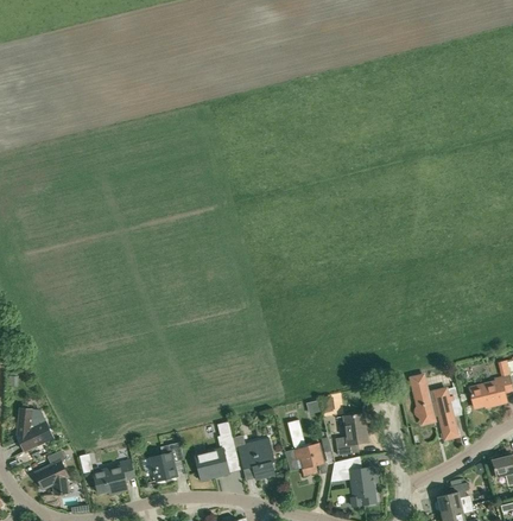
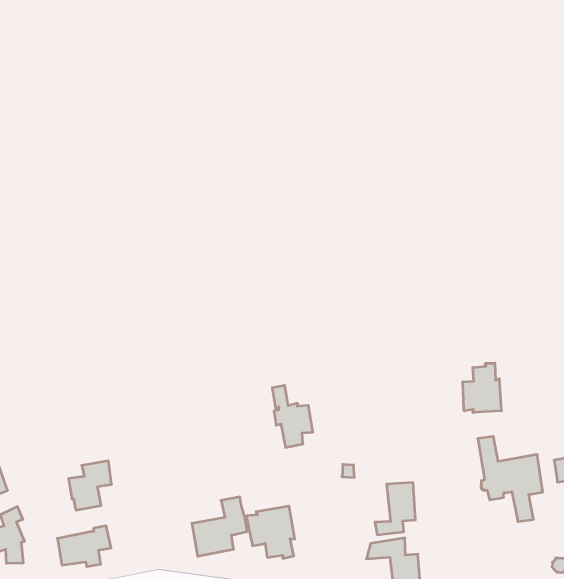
building: none -> [463,363,501,413]
building: [290,428,323,476] -> [272,385,313,447]
building: [150,441,183,481] -> [69,461,112,510]

